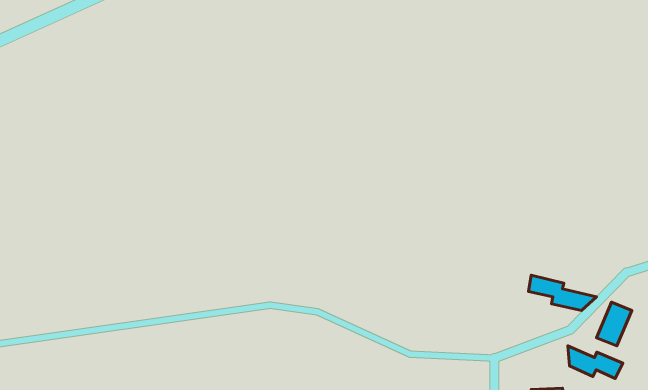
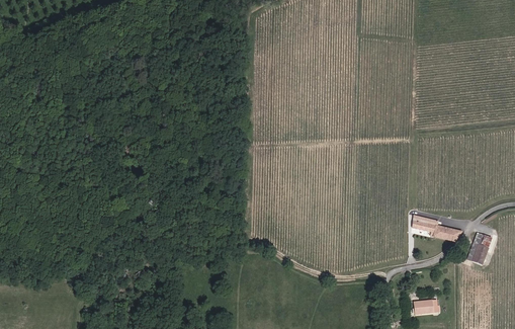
building: [568,346,623,379] -> none

